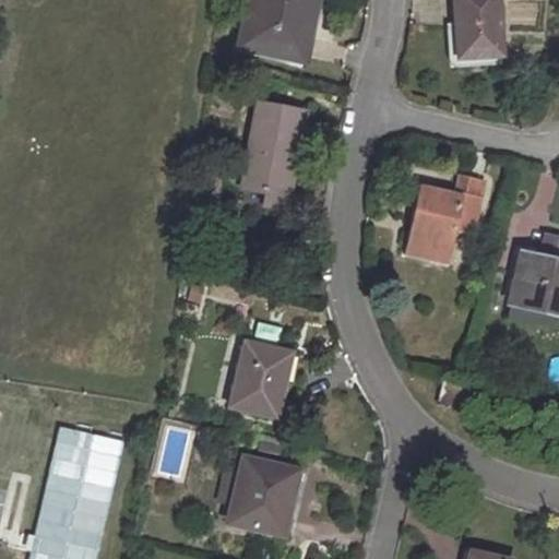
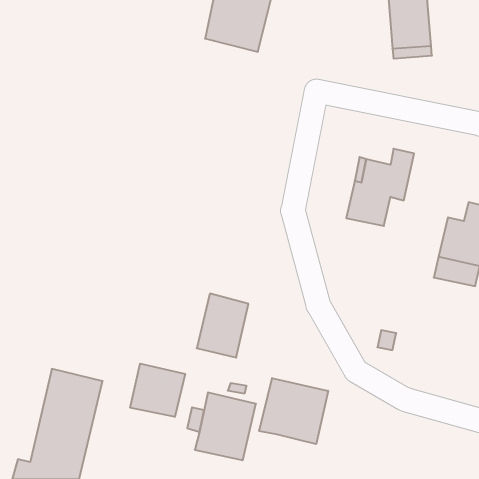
building: [242,102,306,207] -> none
building: none -> [130,364,185,417]
building: none -> [259,378,328,444]

